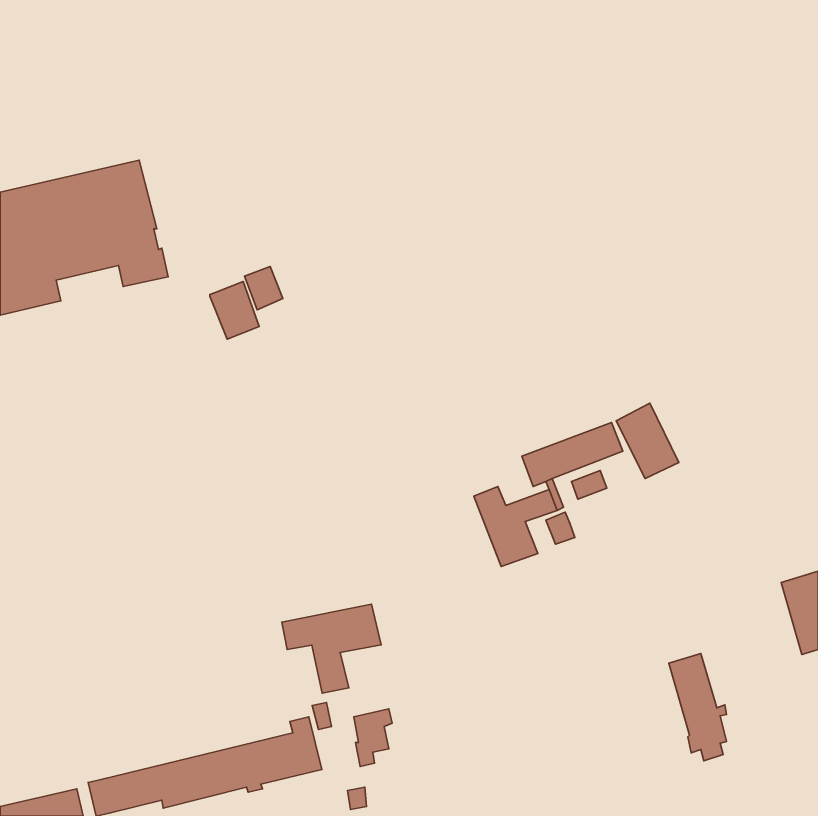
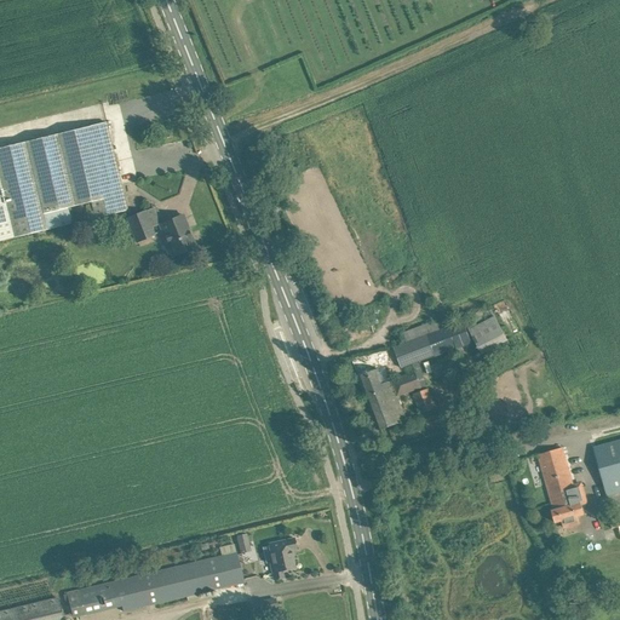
building: [244,267,283,310] -> [126,209,155,242]
building: [282,604,381,693] -> none
building: [669,654,726,761] -> [538,447,581,528]

